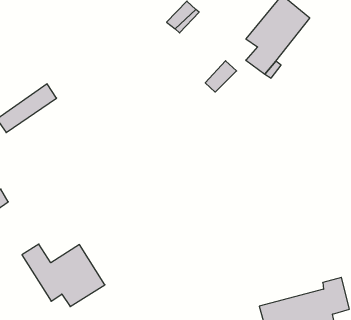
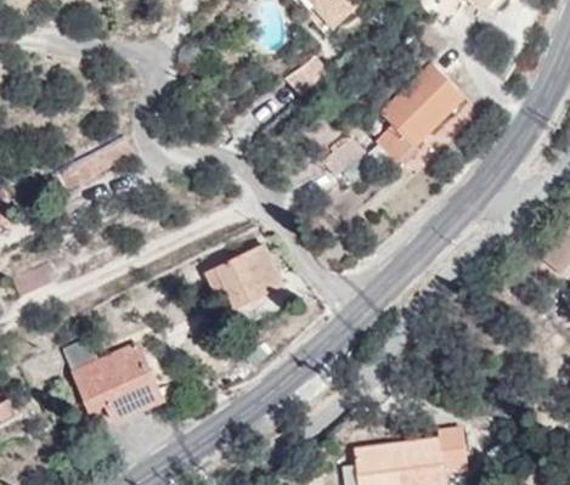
building: none -> [205,244,282,308]

